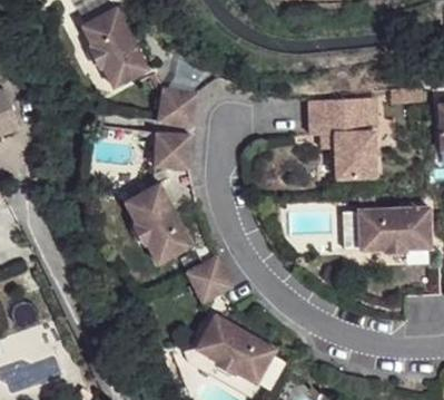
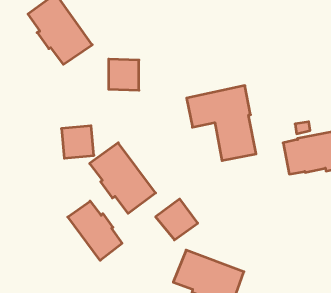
building: [308,98,376,177] -> [187,86,256,161]
building: [155,133,190,168] -> [61,126,94,158]
building: none -> [68,201,122,260]

